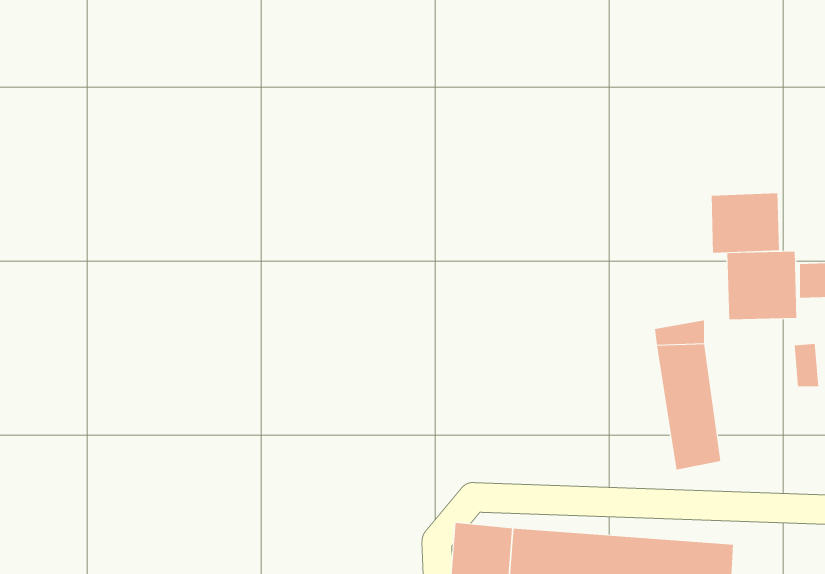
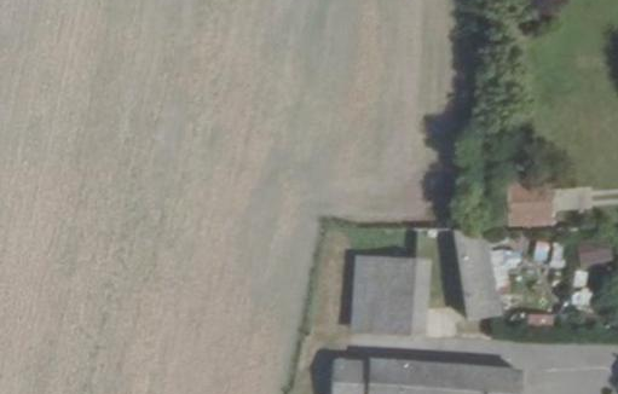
building: [711,192,779,253] -> none
building: none -> [359,261,415,336]

